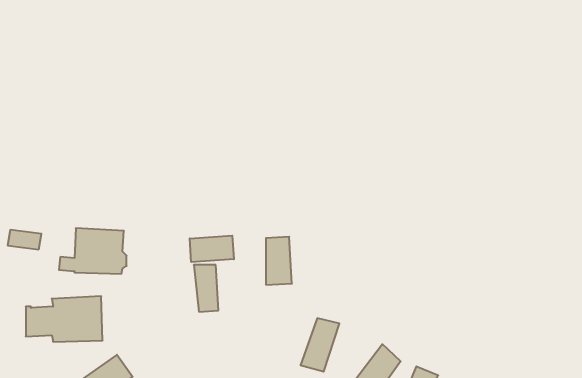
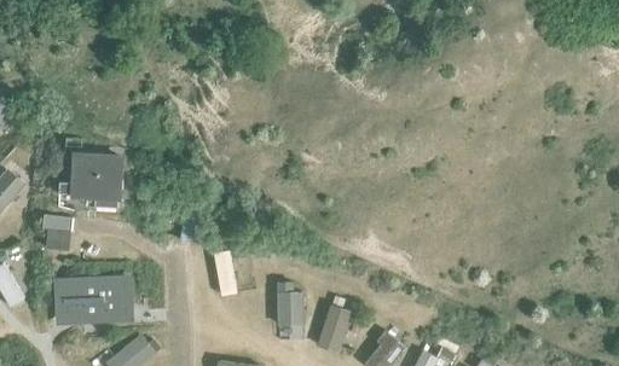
building: [59,228,127,274] -> [59,158,122,201]
building: [190,236,234,262] -> none
building: [266,237,292,285] -> [277,279,301,324]

